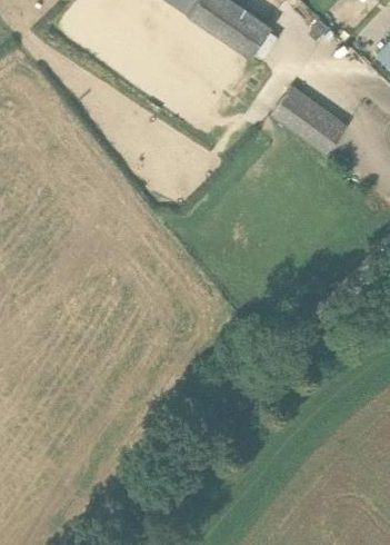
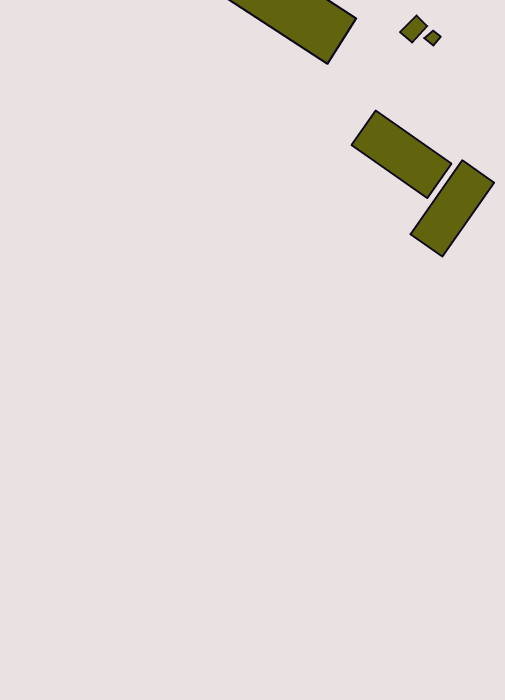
building: none -> [410,160,494,257]

